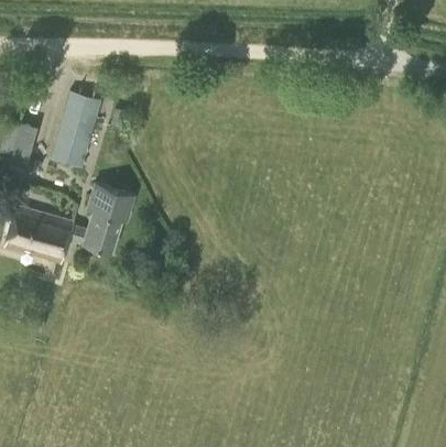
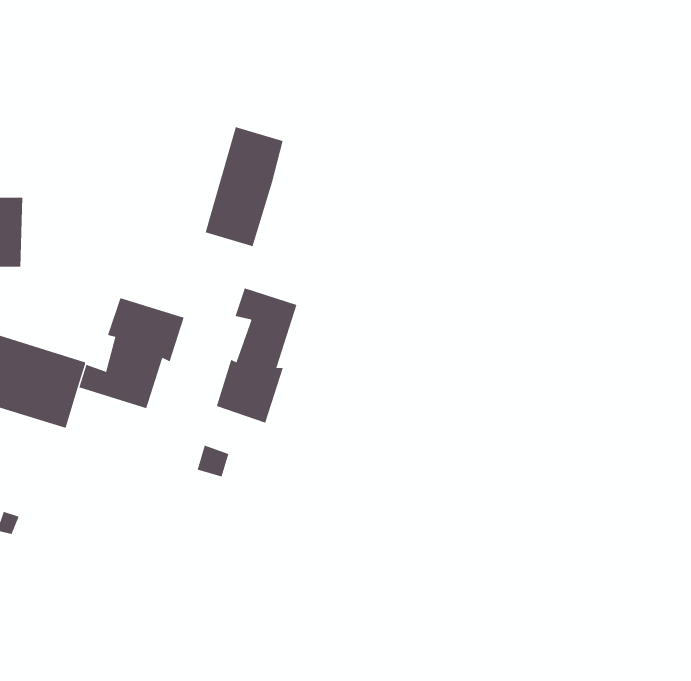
building: [51,92,99,166] -> [205,127,284,247]
building: none -> [216,287,297,424]

